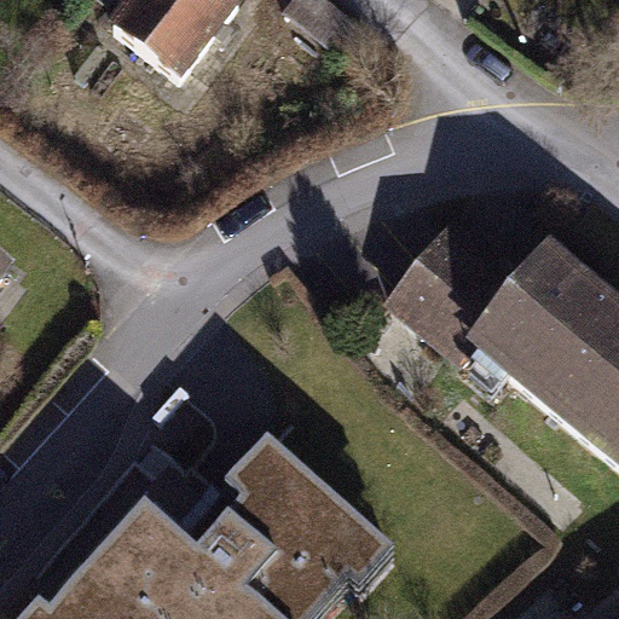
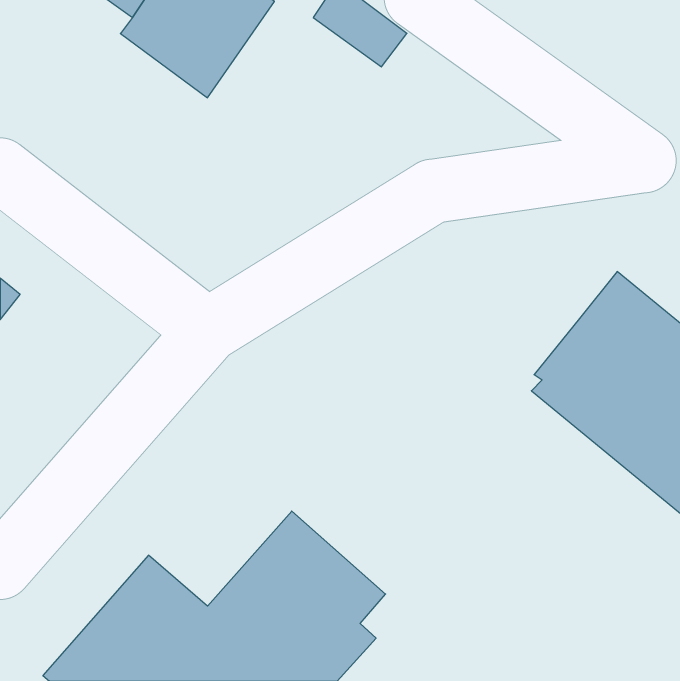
building: [386,227,527,370] -> none

